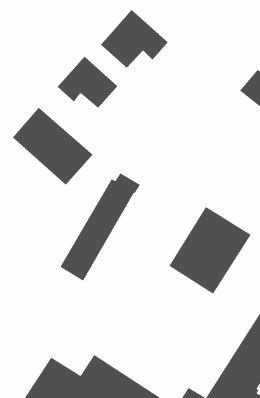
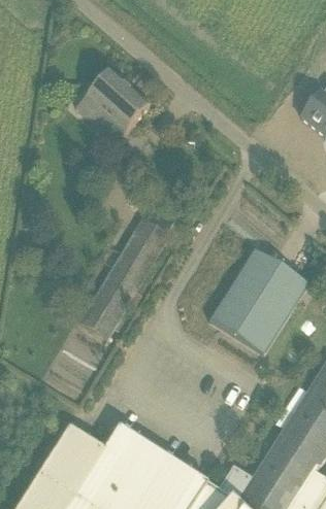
building: [100,9,168,69] -> none
building: [12,107,94,186] -> none

